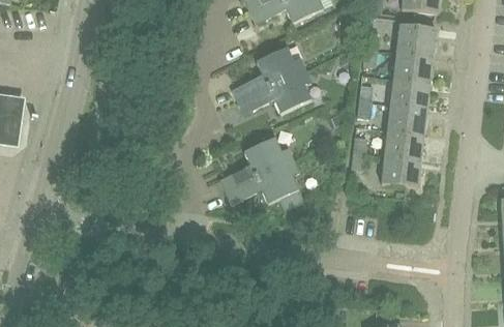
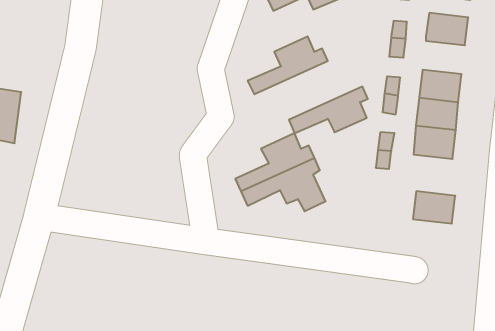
building: [393,51,433,82] -> none
building: [237,69,310,113] -> [289,87,368,133]
building: [382,156,421,186] -> [413,191,455,224]

